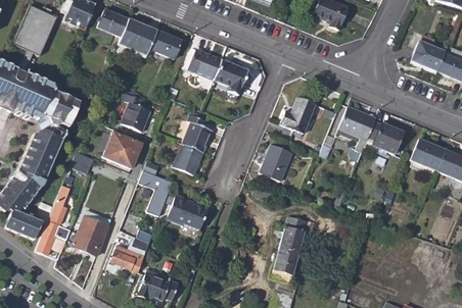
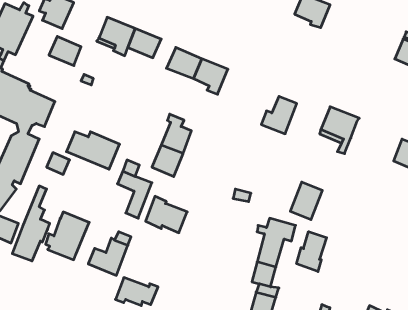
building: [98,8,130,37] -> [49,36,81,66]
building: [122,92,152,131] -> none
building: [369,120,404,153] -> none
building: [261,144,292,181] -> [290,182,322,220]
building: none -> [297,232,327,272]

